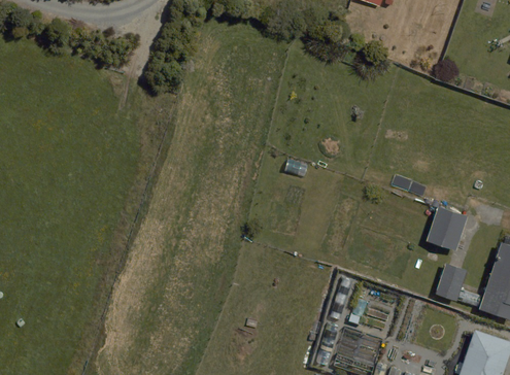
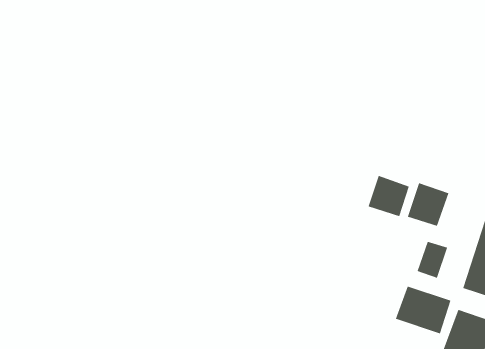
building: none -> [367,175,410,217]
building: none -> [395,286,452,334]

